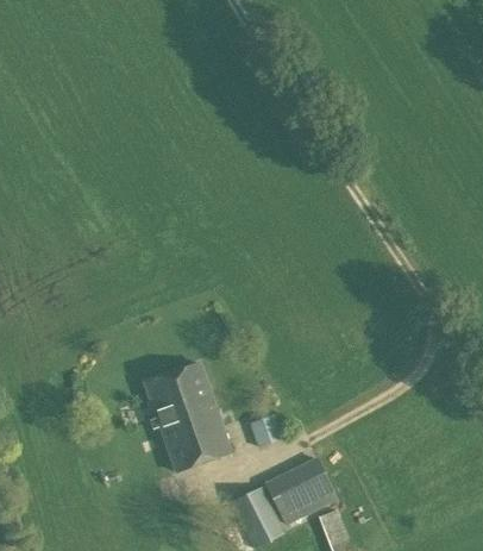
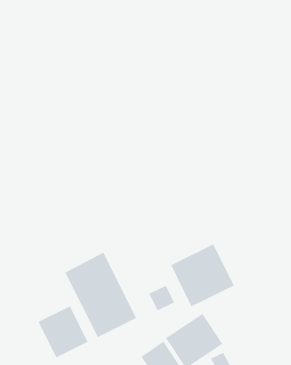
building: none -> [170,244,234,307]
building: none -> [38,305,88,358]

